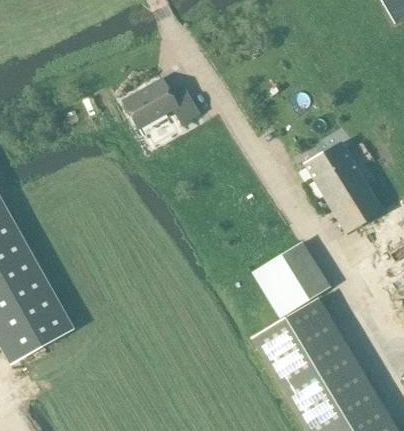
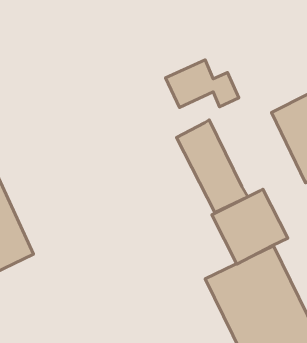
building: [124,77,201,128] -> [165,60,239,107]
building: none -> [176,120,248,213]

